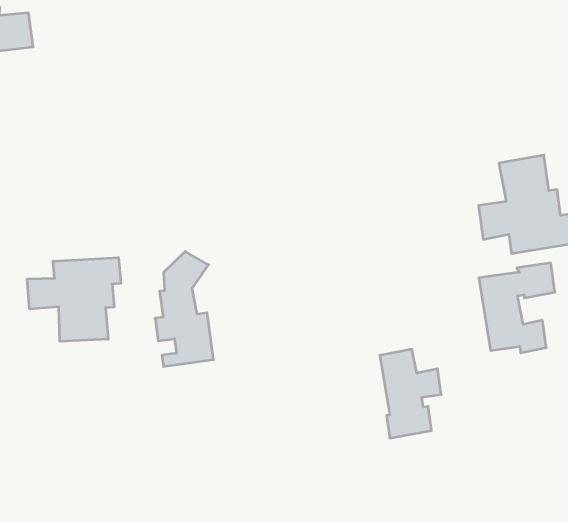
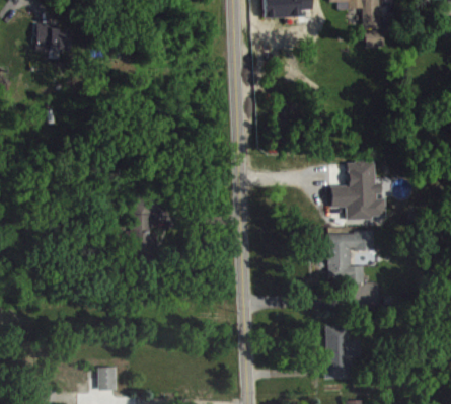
building: [27,258,121,341] -> none
building: [380,349,441,438] -> [324,325,360,378]

